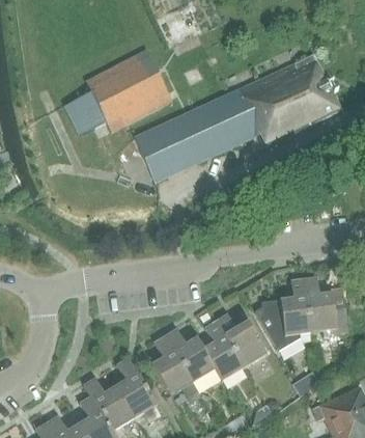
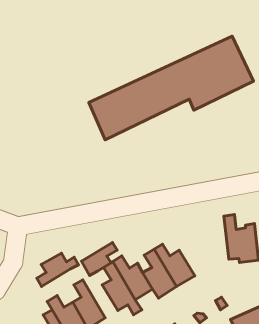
building: [64,49,173,135] -> none
building: [256,278,310,351] -> none
building: none -> [82,243,117,275]
building: none -> [37,253,79,286]

